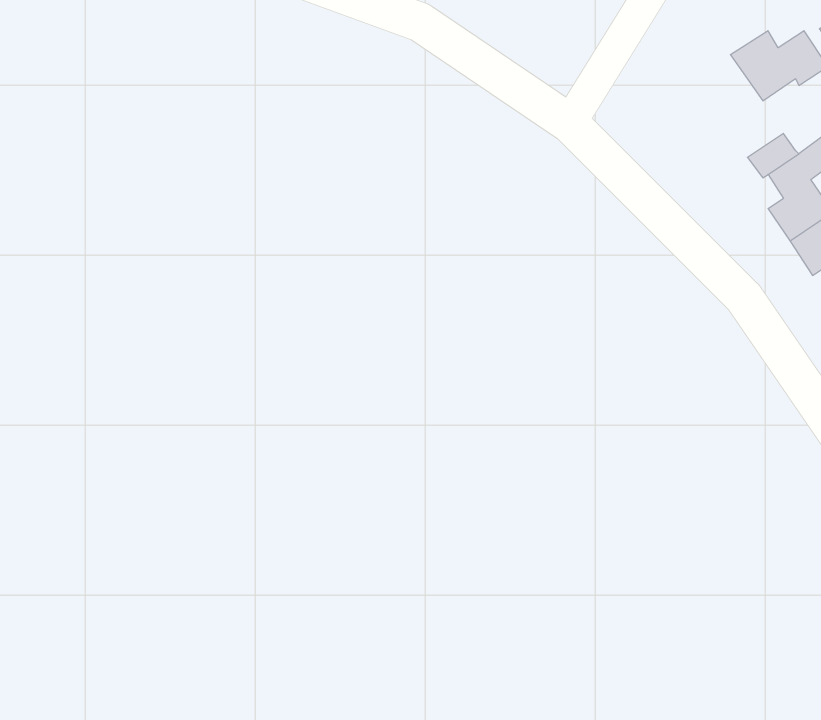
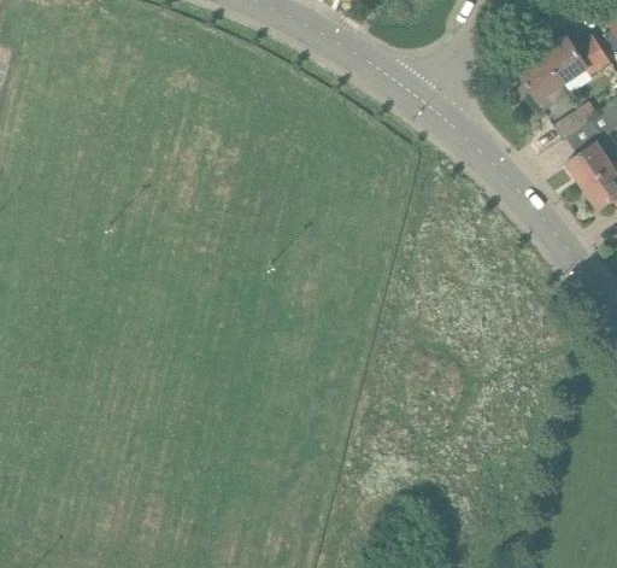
building: none -> [516,52,569,109]

